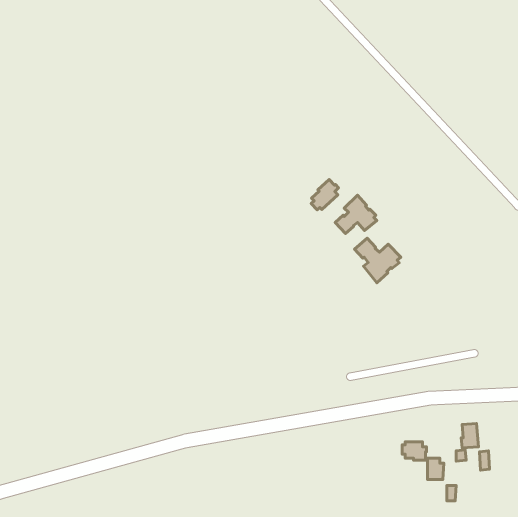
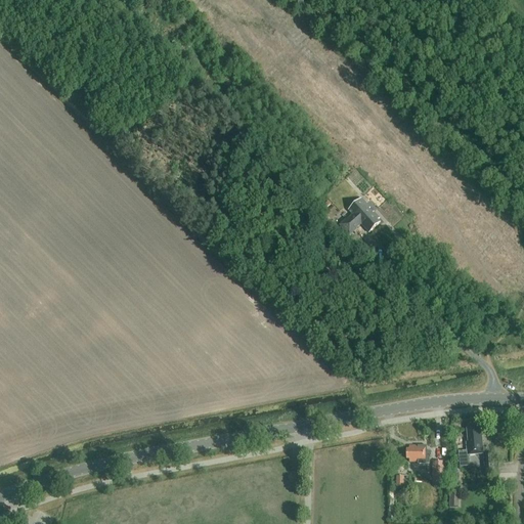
building: [311,180,339,210] -> none
building: [355,238,401,283] -> none

